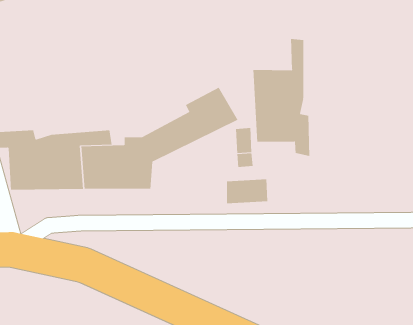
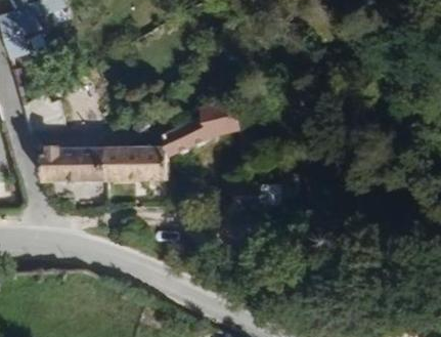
building: [253,38,310,157] -> none

